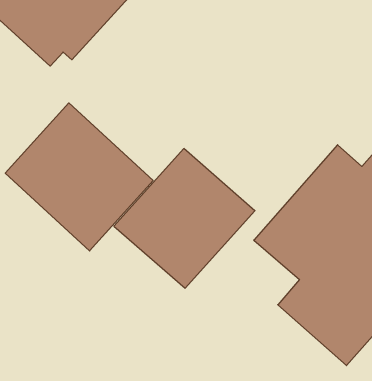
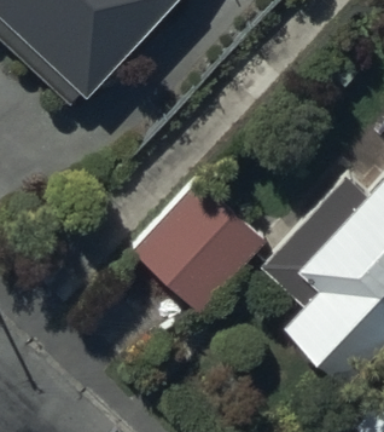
building: [5,103,153,251] -> none

